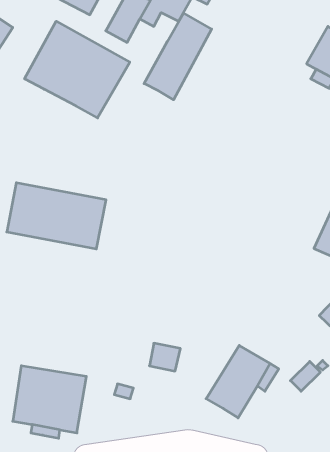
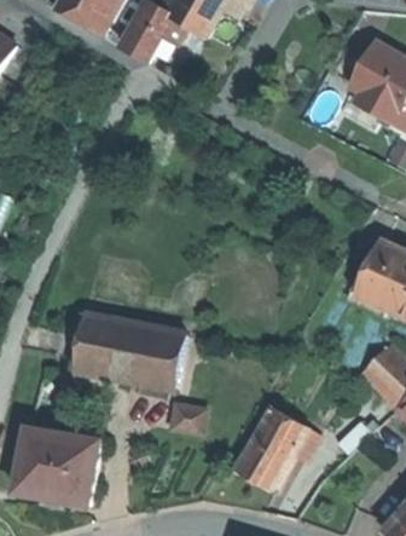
building: [144,13,212,100] -> none
building: [25,21,130,118] -> none
building: [7,183,106,249] -> [72,312,185,387]

